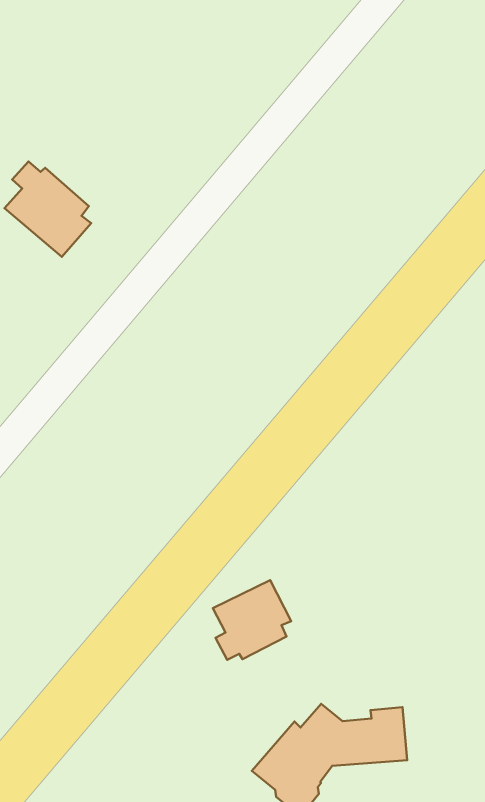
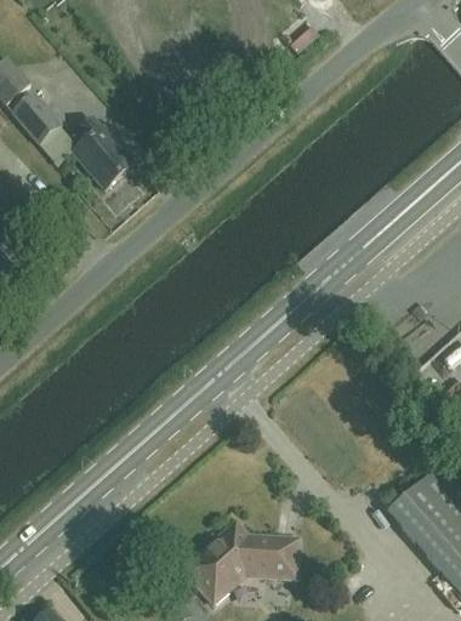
building: [213,580,291,660] -> none

